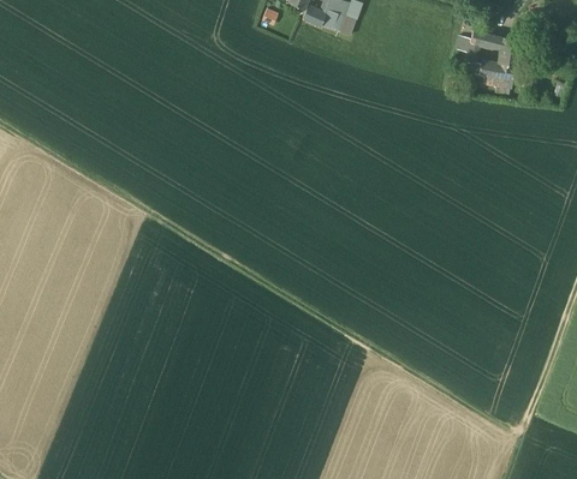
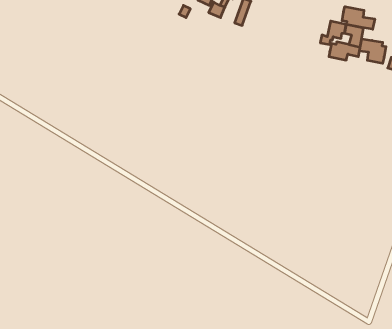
building: none -> [342,7,375,29]
building: none -> [359,39,386,63]

